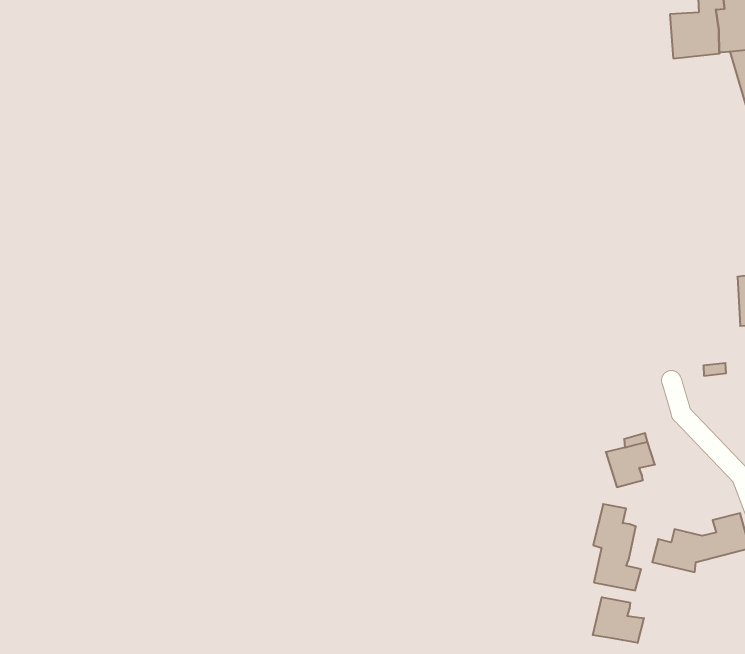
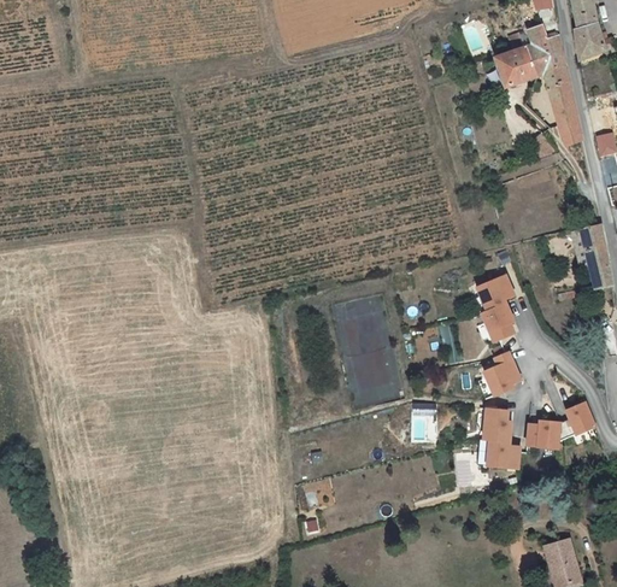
building: none -> [477,275,515,341]
building: [593,597,644,643] -> none

